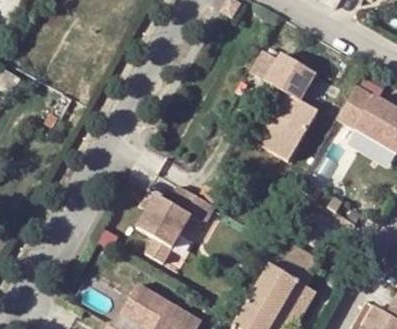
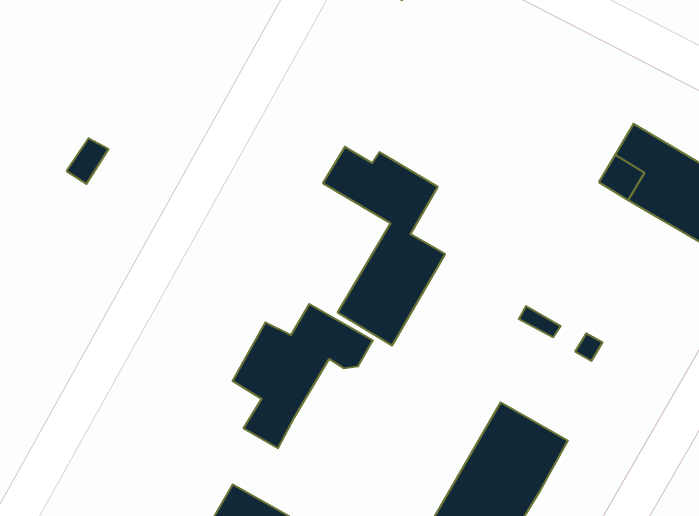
building: [252,49,319,158] -> [323,147,445,345]

